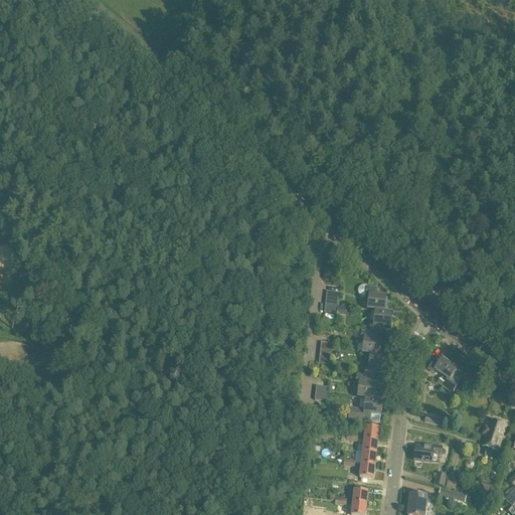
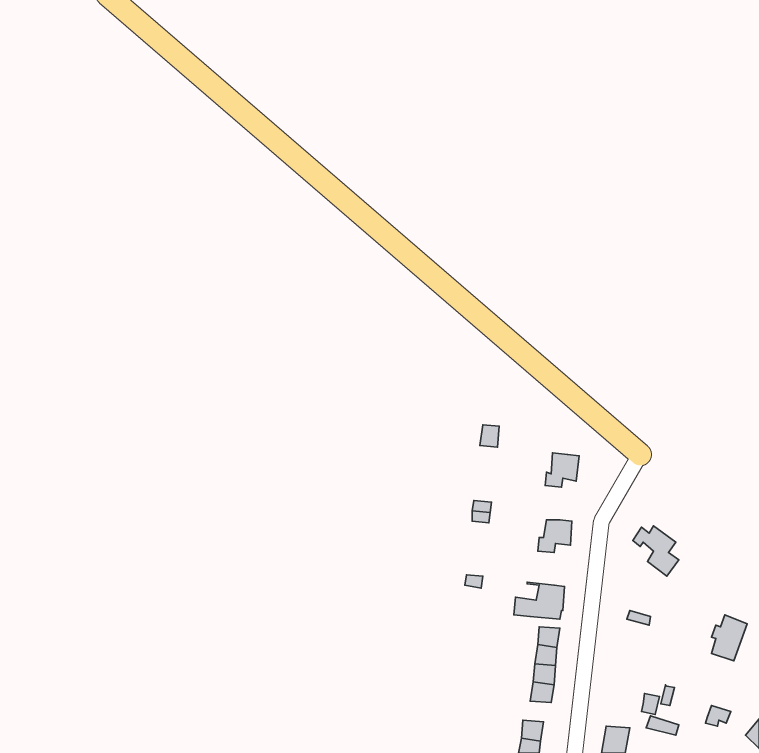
building: [358,282,386,308] -> none
building: [360,328,381,352] -> none
building: [355,372,376,396] -> none
building: [414,442,442,461] -> none

